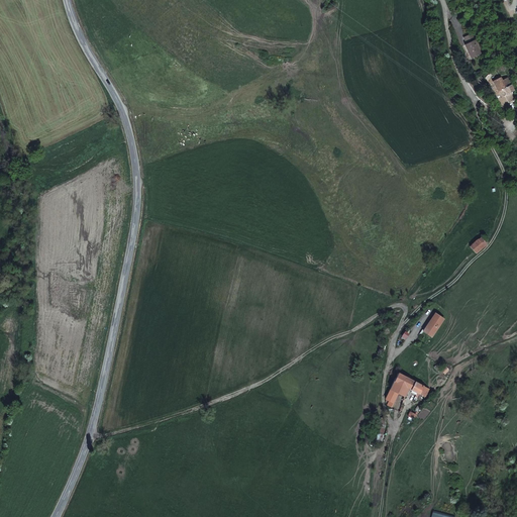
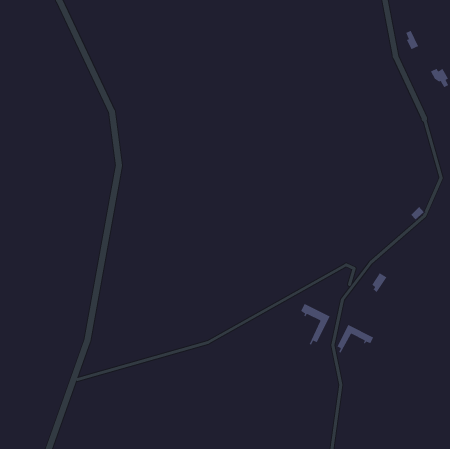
building: none -> [300,303,331,346]

